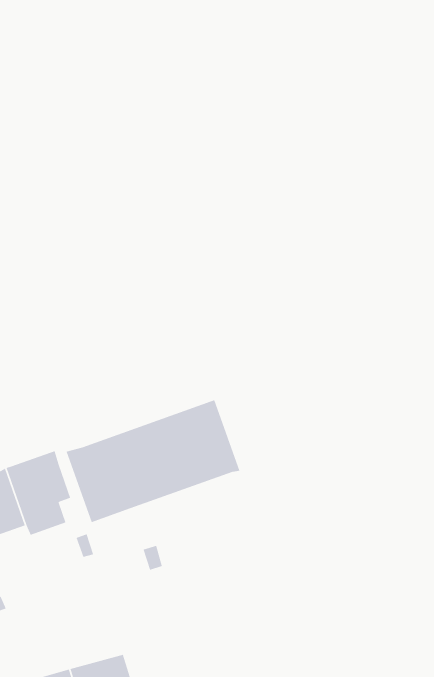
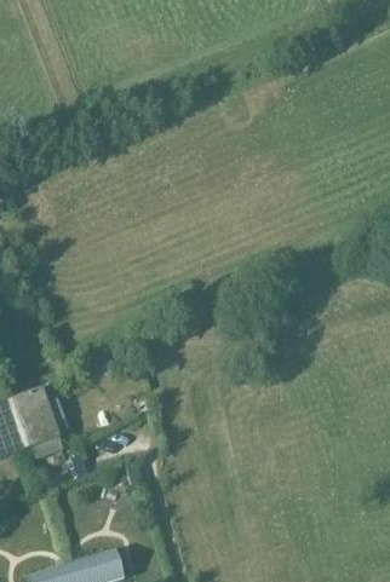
building: [65,399,241,523] -> none

